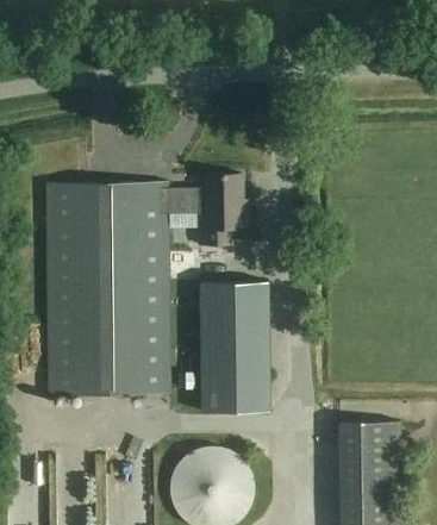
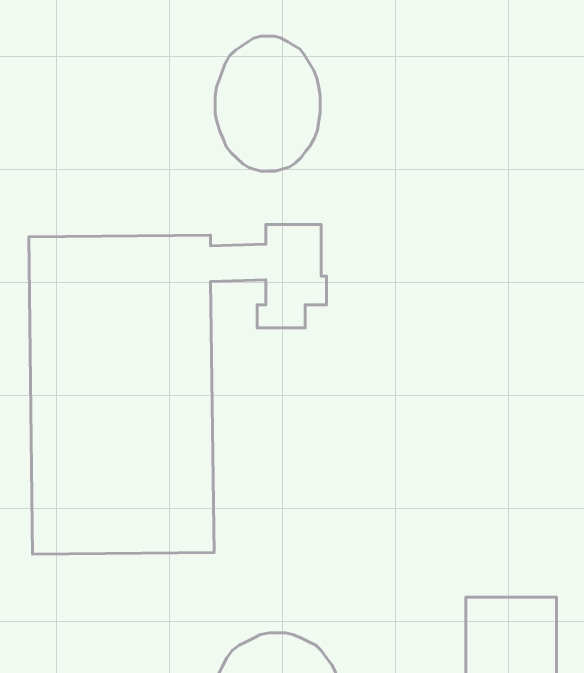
building: none -> [215,36,320,171]
building: [200,283,271,414] -> none

